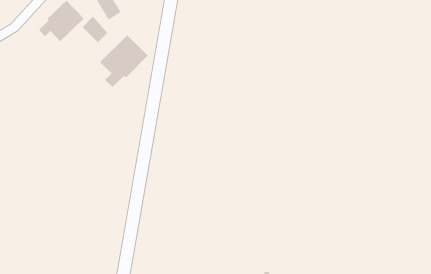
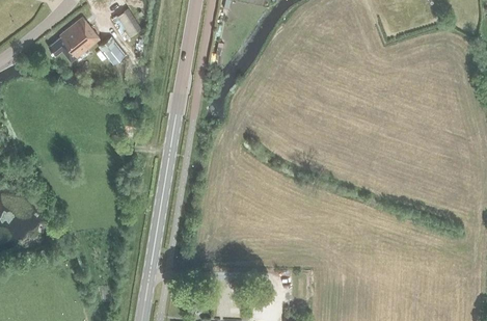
building: [99,34,148,88] -> none

